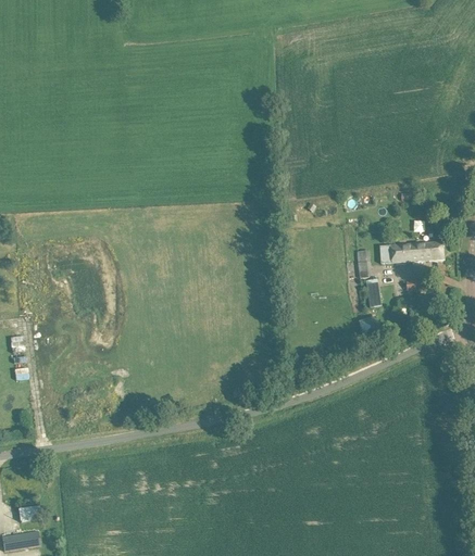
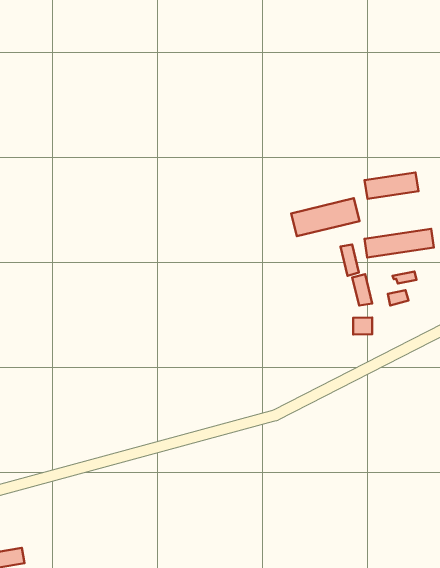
building: none -> [365,173,418,199]
building: none -> [291,198,359,236]

